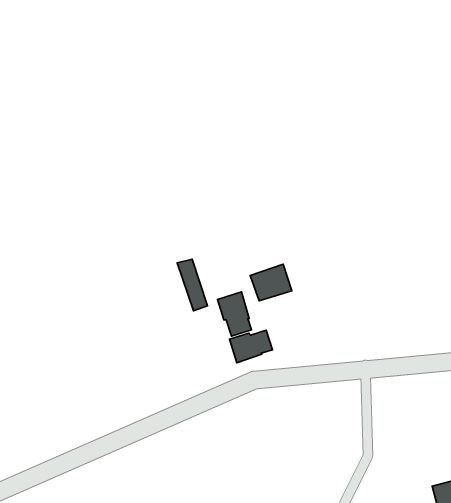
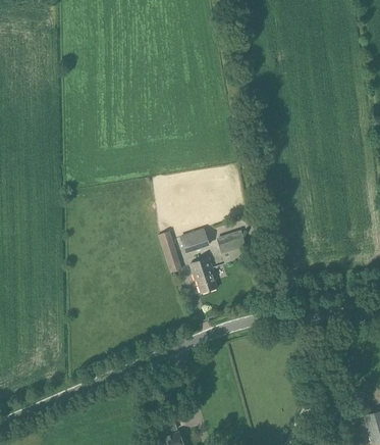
building: none -> [180,229,209,254]
building: [230,330,272,363] -> none

